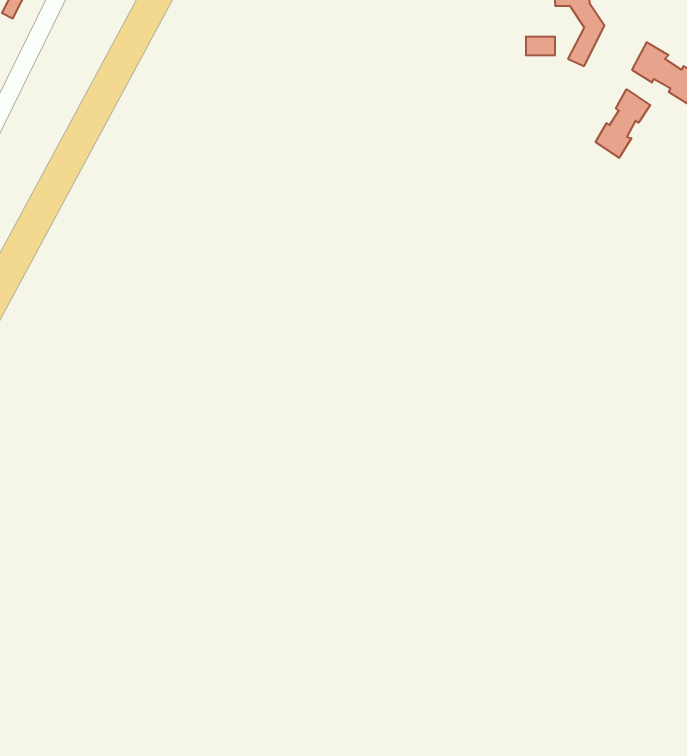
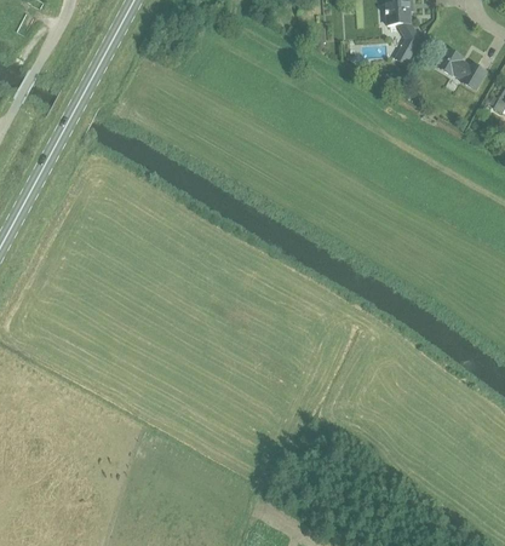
building: [596,89,650,158] -> none

